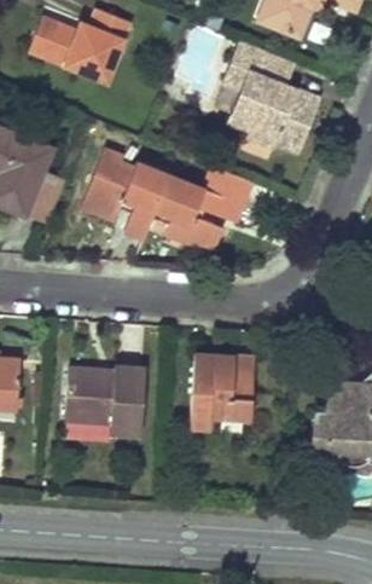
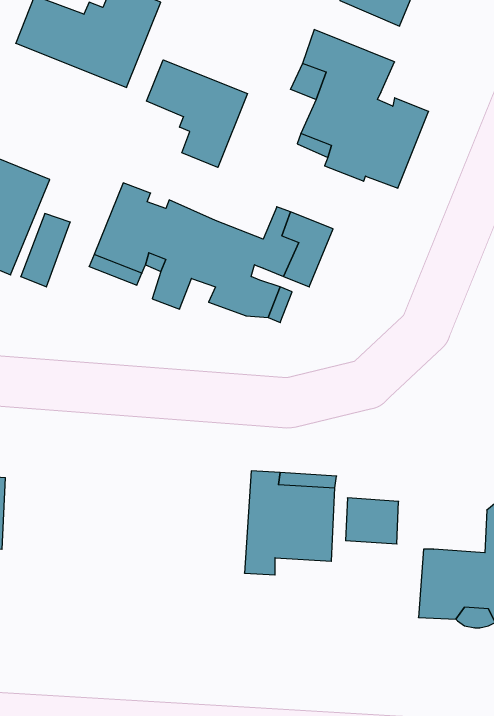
building: none -> [147,60,247,167]
building: [64,366,145,436] -> none
building: [324,380,361,412] -> [346,498,399,544]

